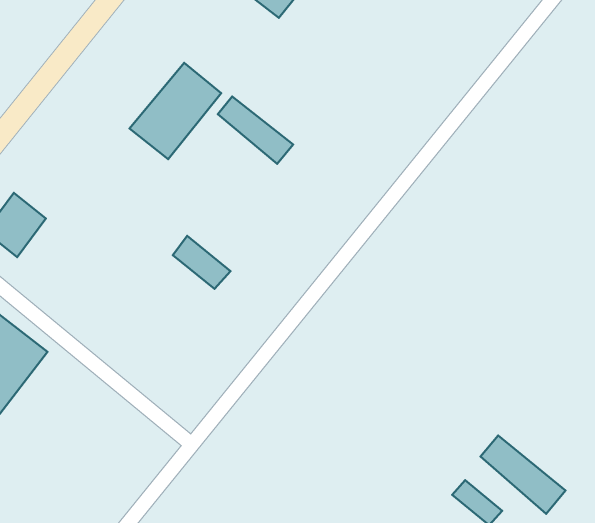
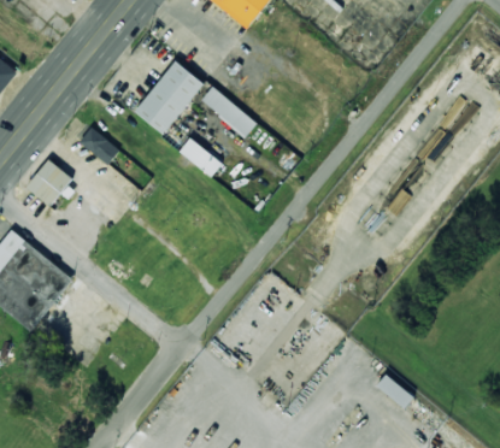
building: none -> [78,126,119,165]
building: [173,236,231,289] -> [178,137,222,177]
building: [480,435,565,514] -> none

